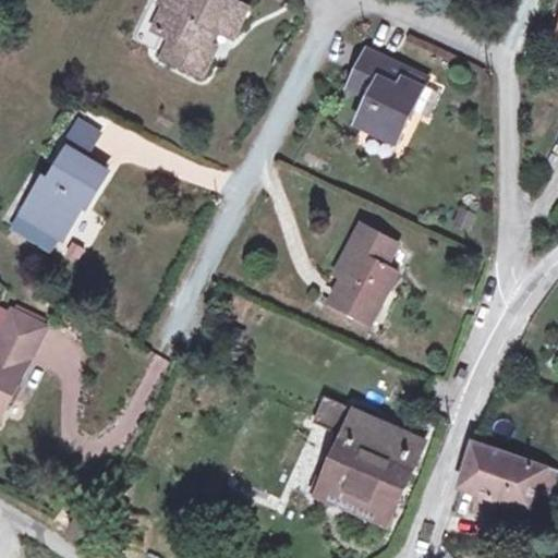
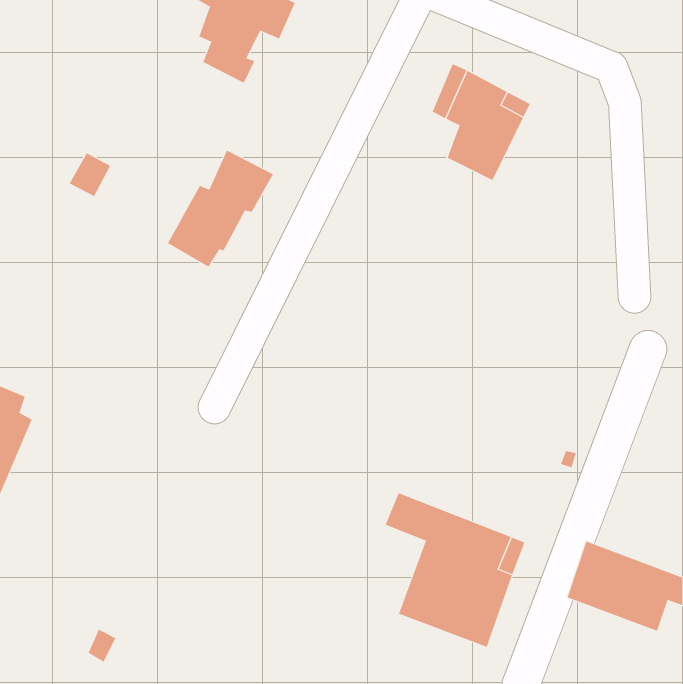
building: [10,155,96,250] -> [167,150,274,267]
building: [325,228,395,322] -> none

